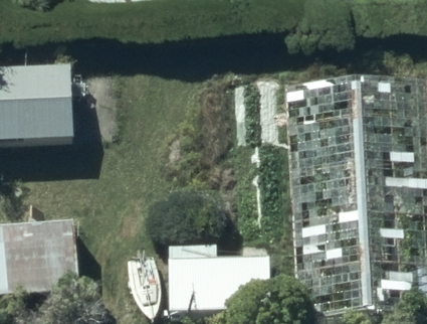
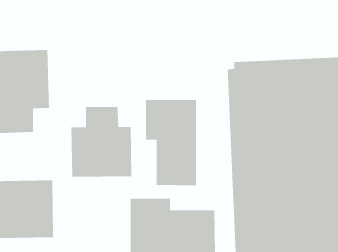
building: none -> [145,99,197,186]
building: none -> [71,106,132,178]

